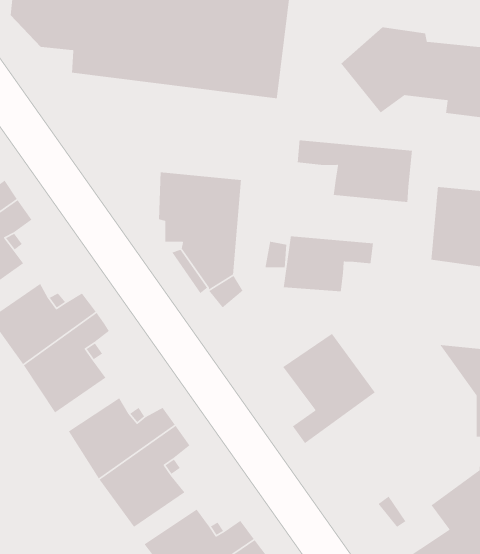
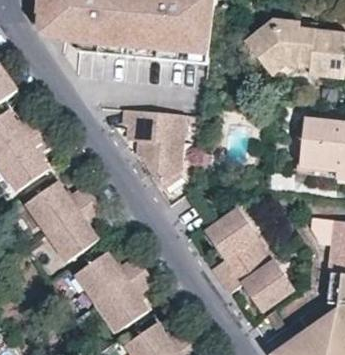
building: [297,139,413,203] -> none
building: [283,236,374,292] -> none
building: none -> [221,248,294,311]

